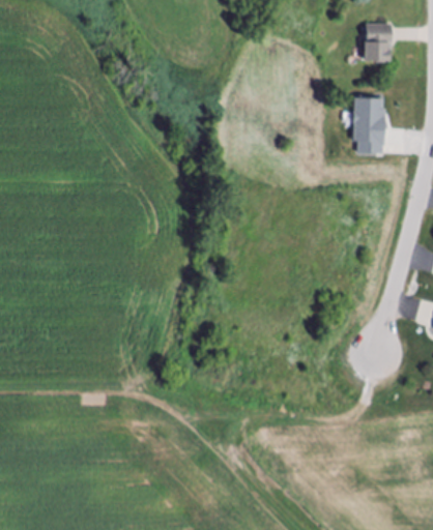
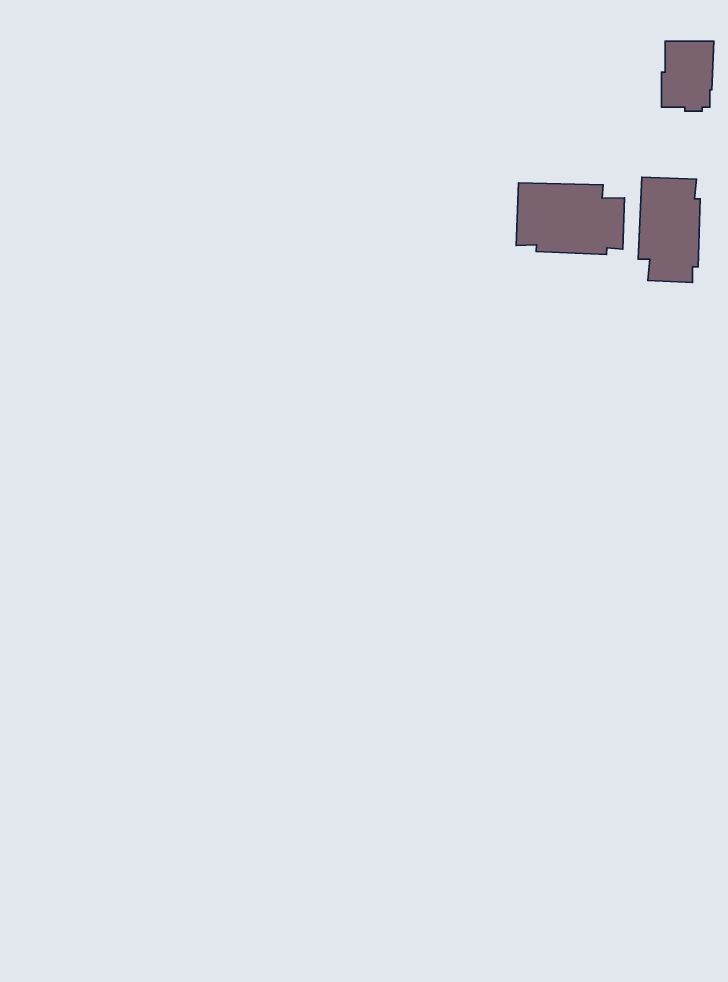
building: none -> [516,183,624,254]

